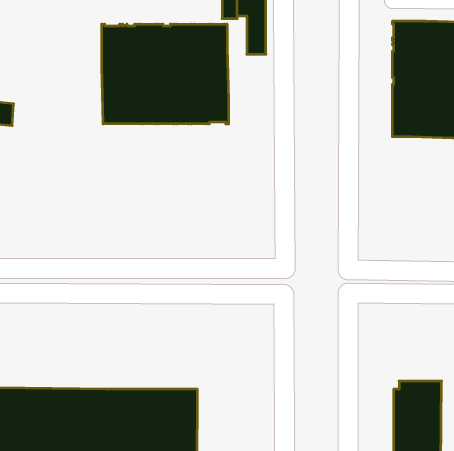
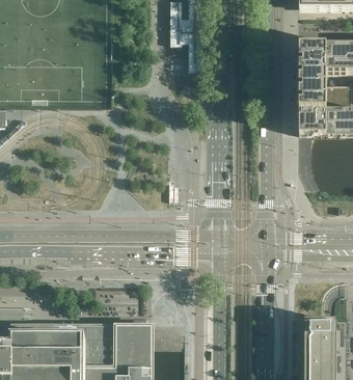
building: [102,24,229,124] -> none

